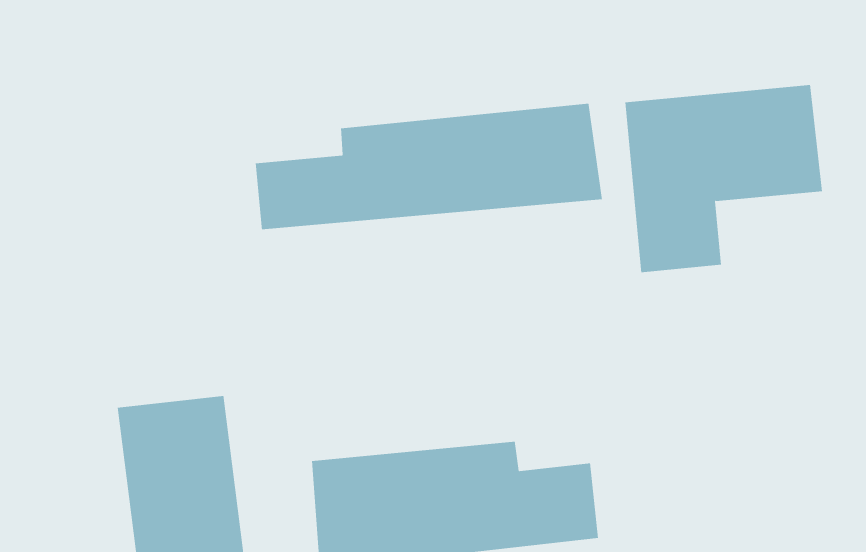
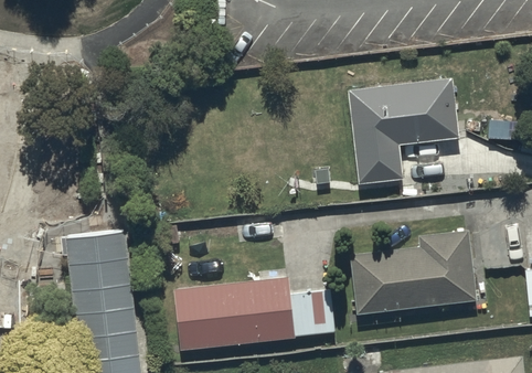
building: [255,103,602,230] -> none
building: none -> [351,231,477,313]

